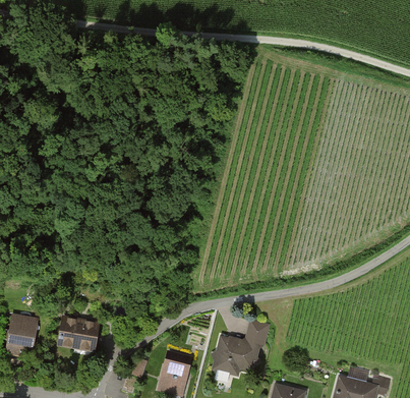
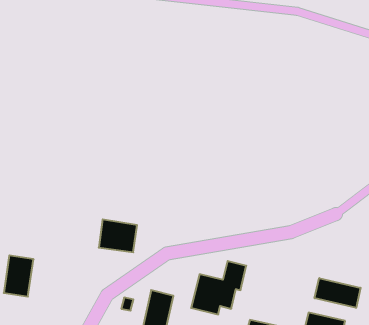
building: [58,315,100,350] -> [99,219,137,252]
building: none -> [315,278,361,308]

